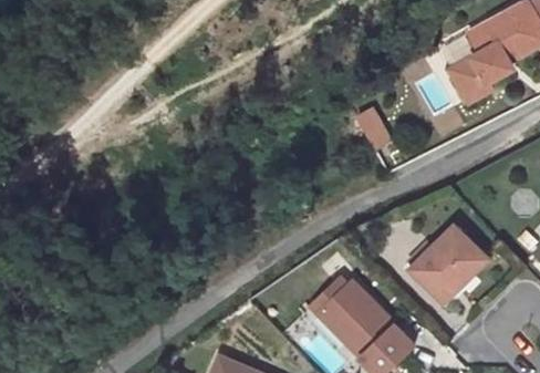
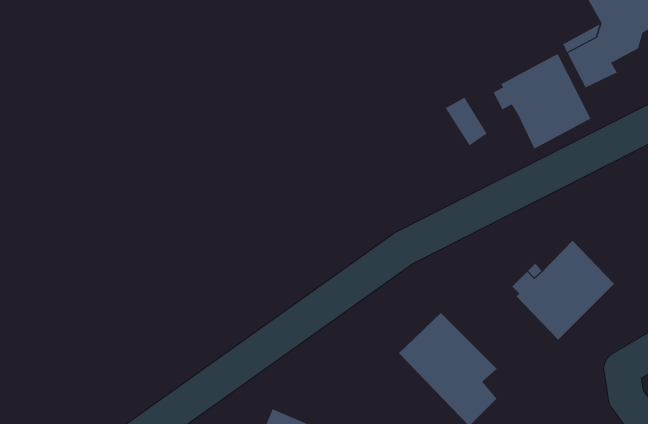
building: none -> [493,53,591,149]

